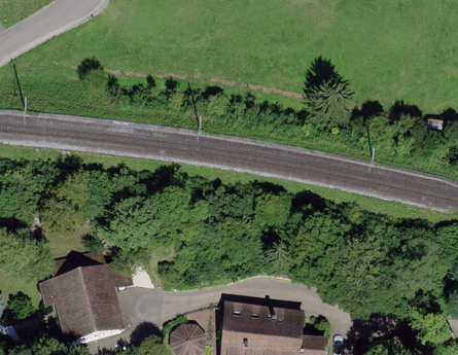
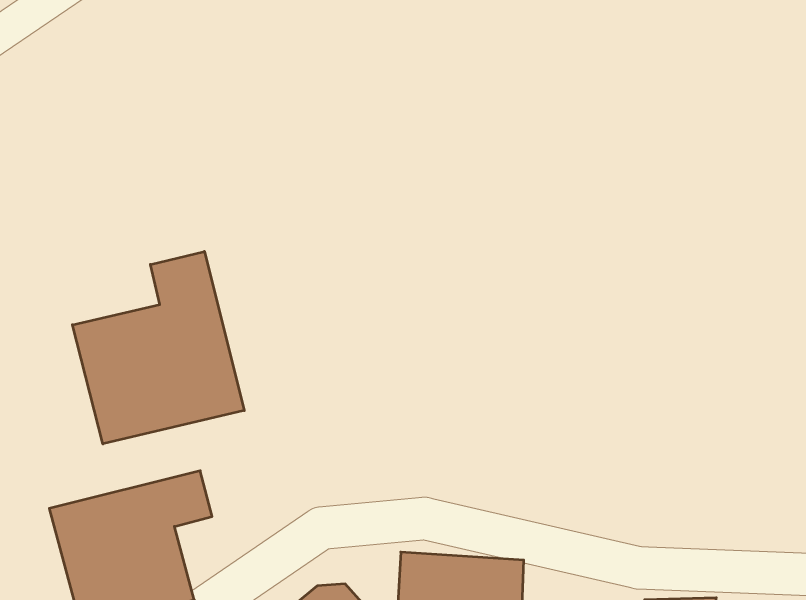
building: none -> [72,251,244,444]

